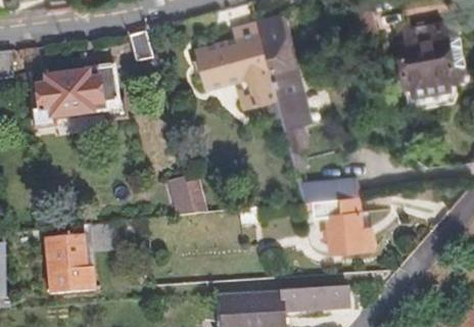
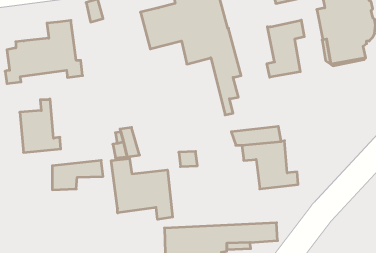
building: none -> [267,20,304,77]
building: none -> [111,159,173,219]
building: [47,230,94,291] -> [20,99,61,152]

